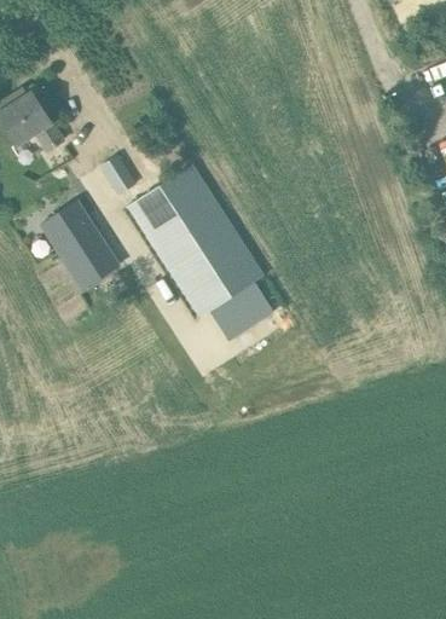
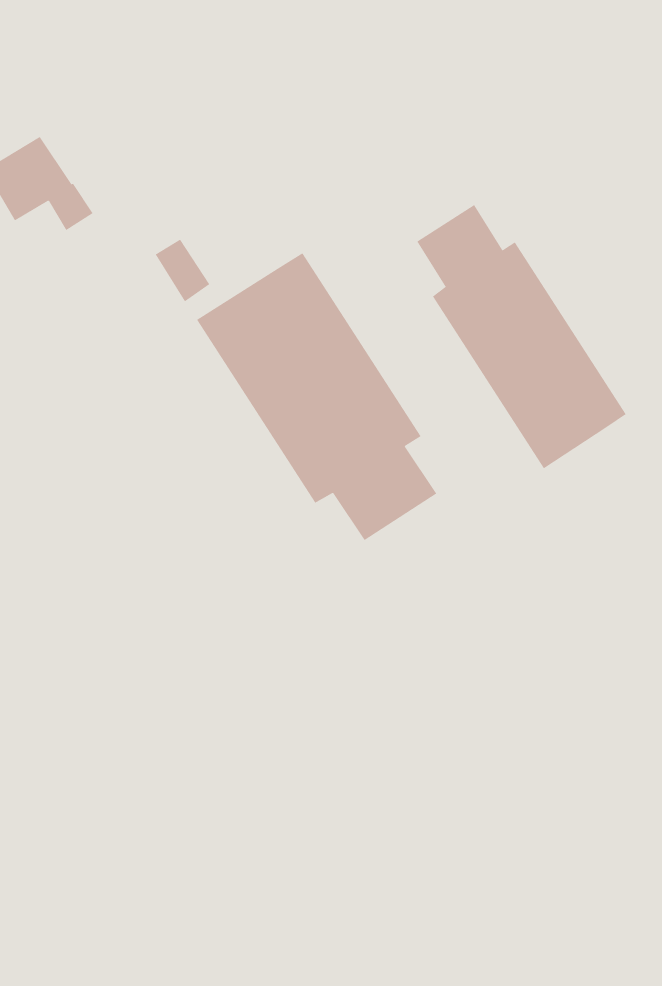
building: none -> [416,204,626,469]
building: [41,199,120,288] -> none

